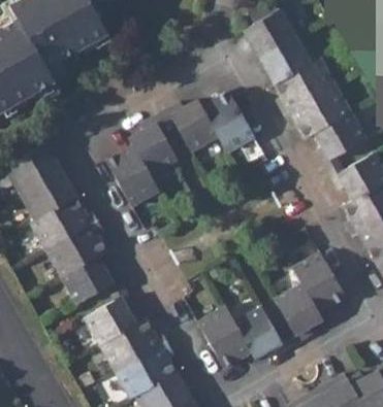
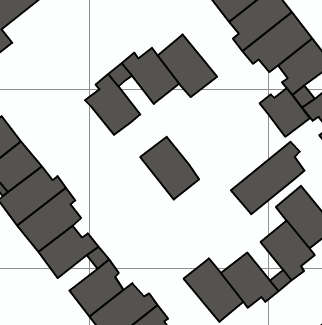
building: [104,146,157,207] -> [140,137,199,200]
building: none -> [260,88,310,137]
building: none -> [231,142,305,214]

